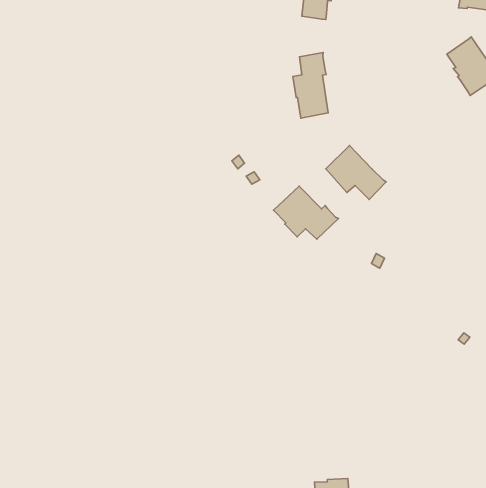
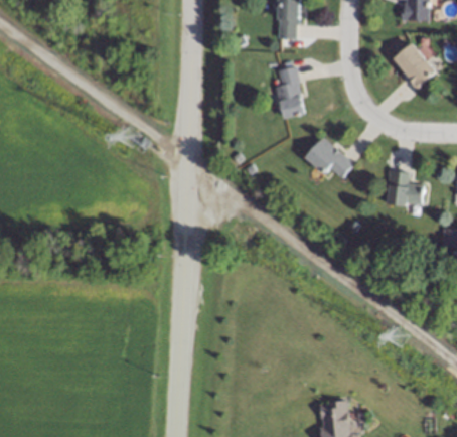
building: [274,186,338,239] -> none
building: none -> [387,169,424,205]

